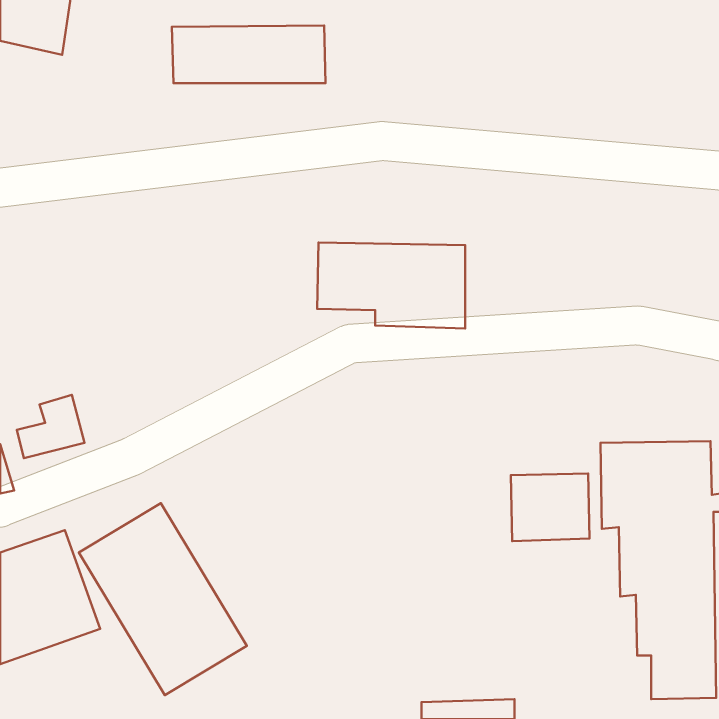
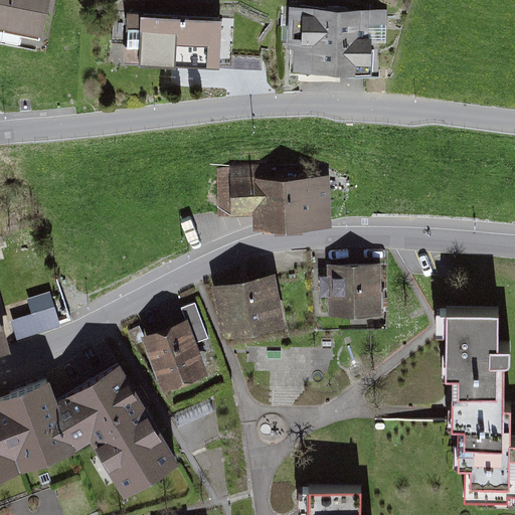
building: none -> [287,8,388,76]
building: none -> [210,276,280,340]
building: none -> [141,305,208,391]
building: [511,474,590,541] -> [322,269,378,317]

